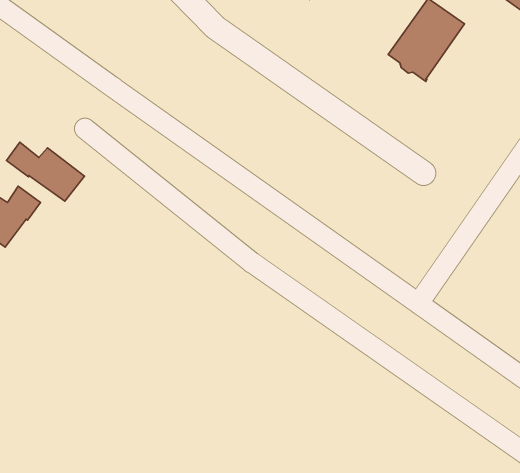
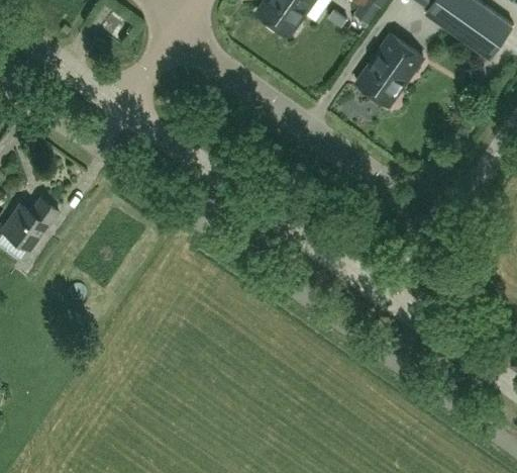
building: [6,142,84,201] -> none

